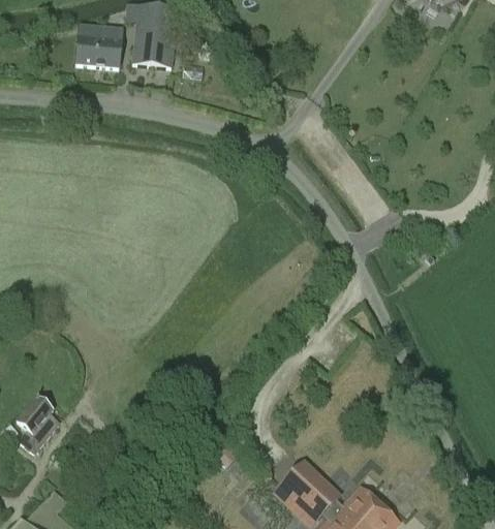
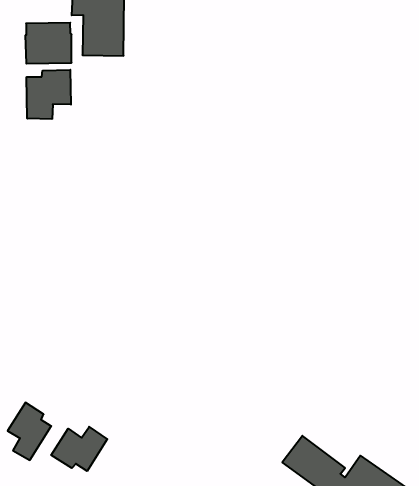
building: none -> [27,70,71,119]
building: none -> [51,427,107,471]

